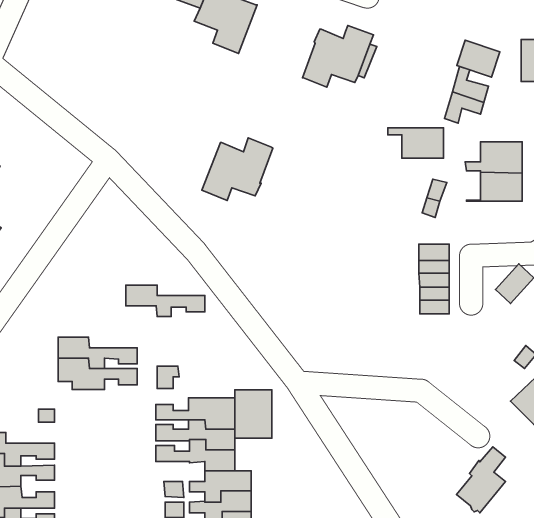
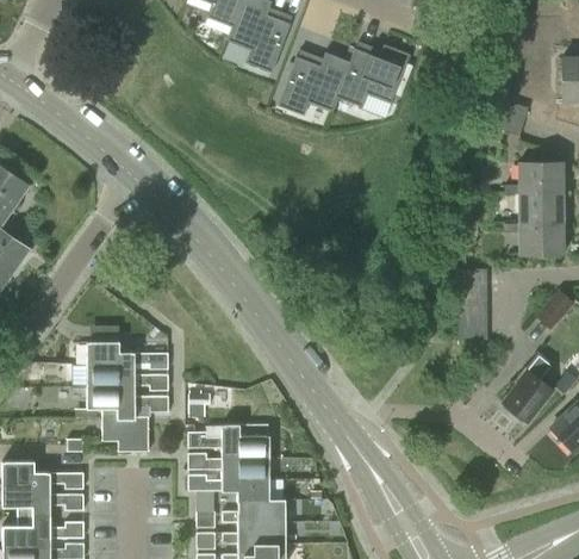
building: [457,40,500,77] -> none
building: [388,128,444,158] -> [505,224,562,255]
building: [202,138,273,200] -> [278,51,350,116]
building: [126,285,205,316] -> [87,342,168,374]
building: none -> [101,417,148,452]
building: [235,390,272,438] -> none
building: [457,447,506,513] -> [503,355,553,423]

